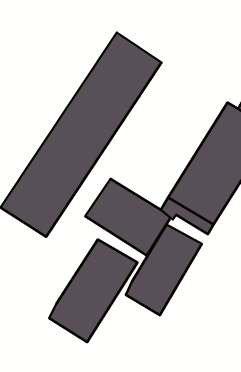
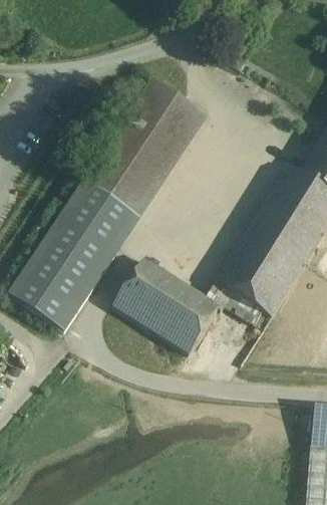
building: [126,225,202,315] -> none
building: [49,239,138,342] -> none

